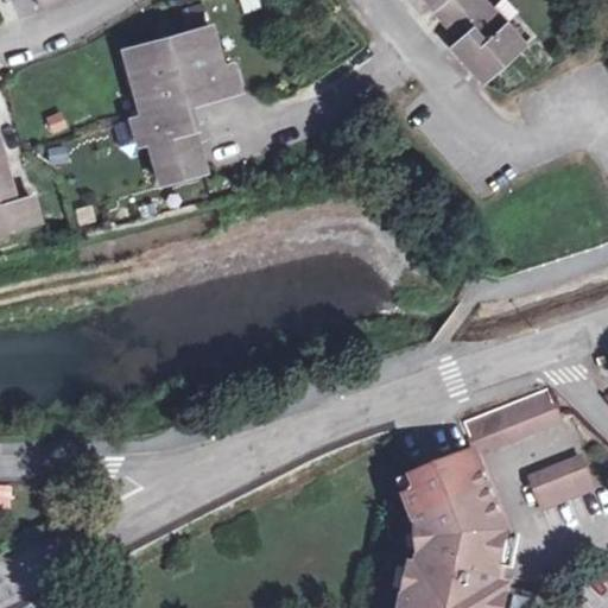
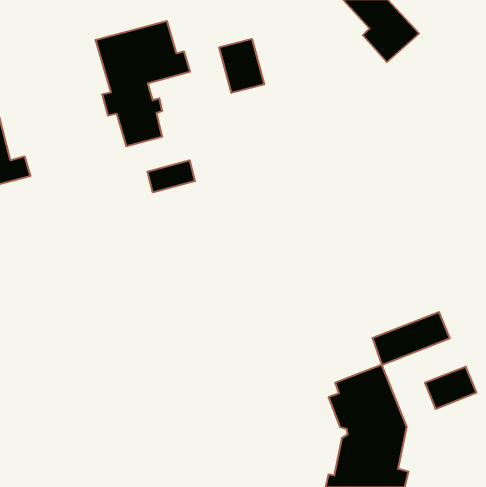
building: none -> [219,39,264,93]
building: none -> [148,160,195,192]

